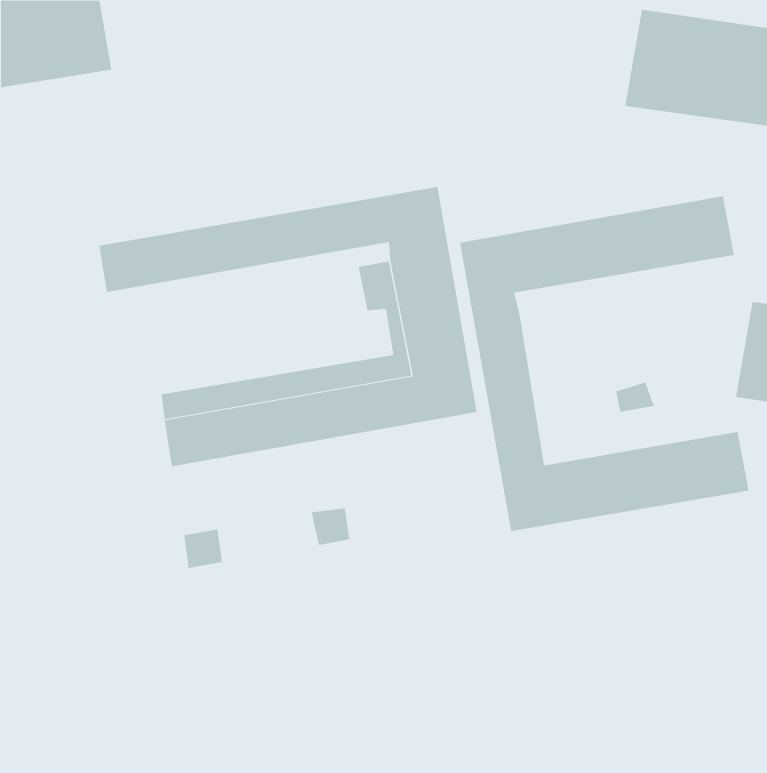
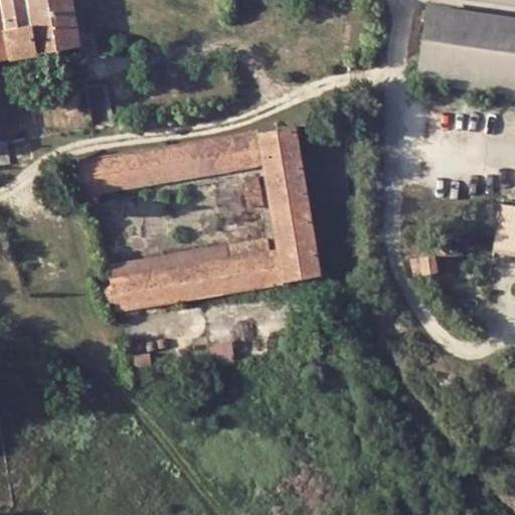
building: [459,195,749,532] -> none

